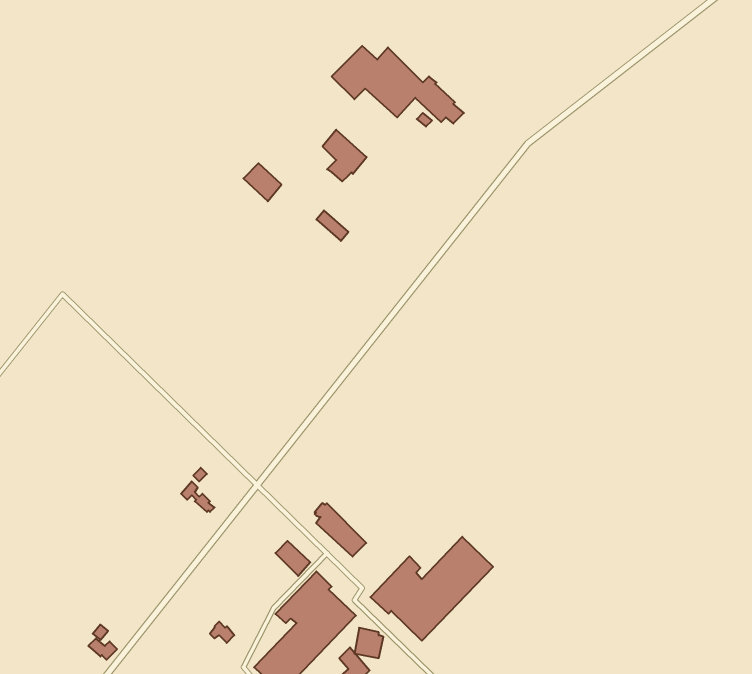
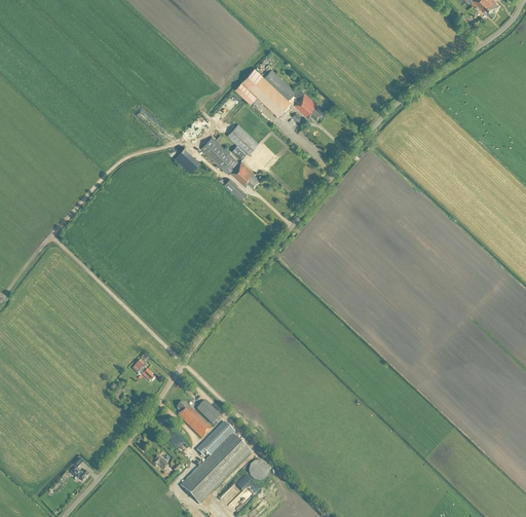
building: none -> [200,136,259,186]
building: [315,503,366,557] -> [176,401,211,437]
building: [370,537,493,641] -> none

